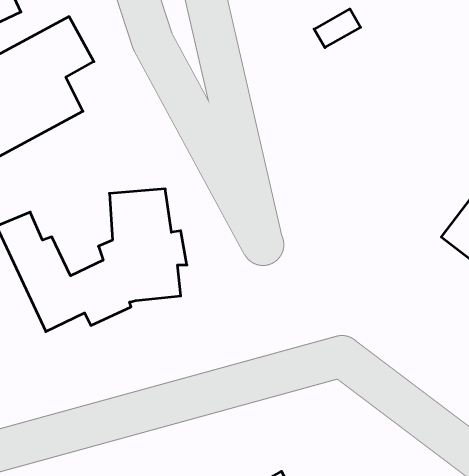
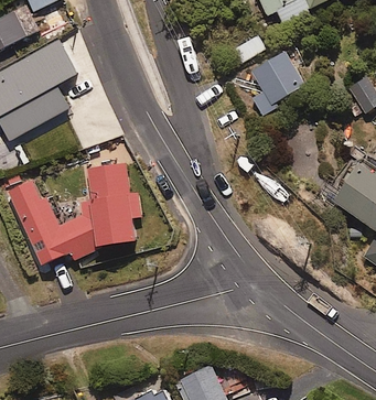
building: none -> [250,50,305,115]

